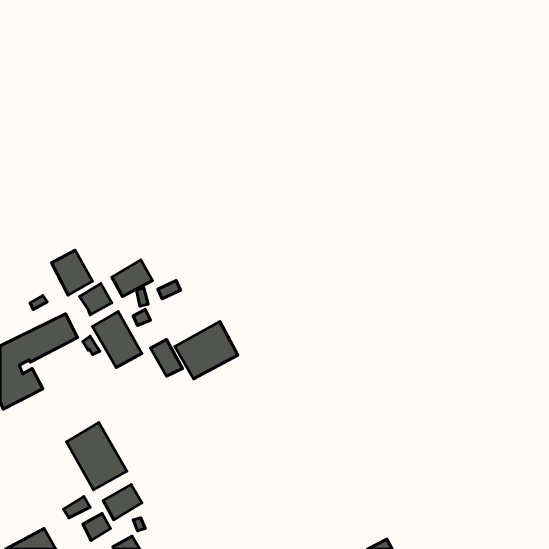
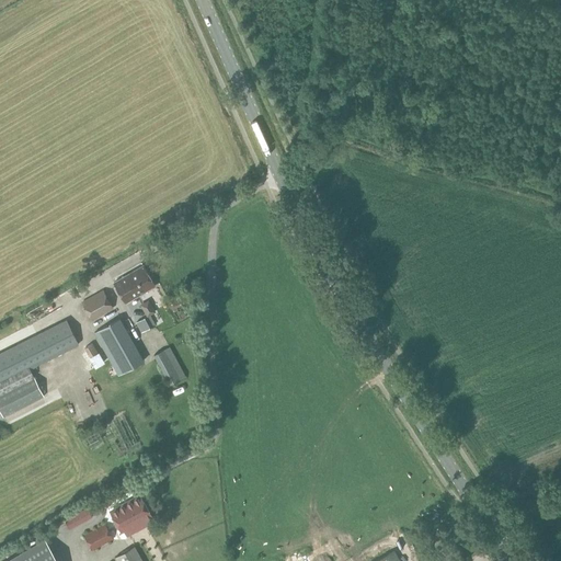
building: [52,250,92,295] -> none
building: [175,322,238,379] -> none
building: [67,423,127,490] -> none

